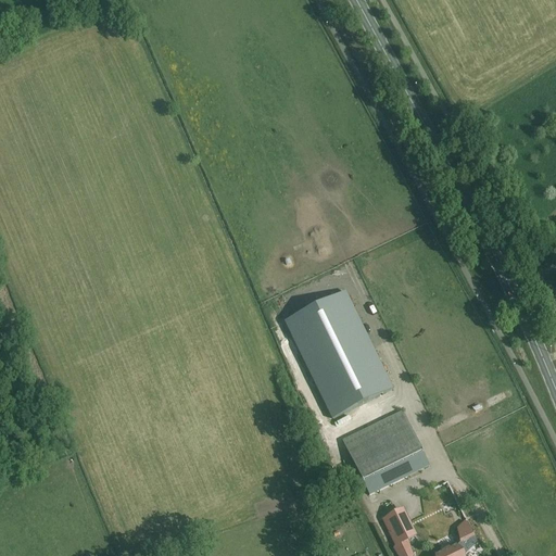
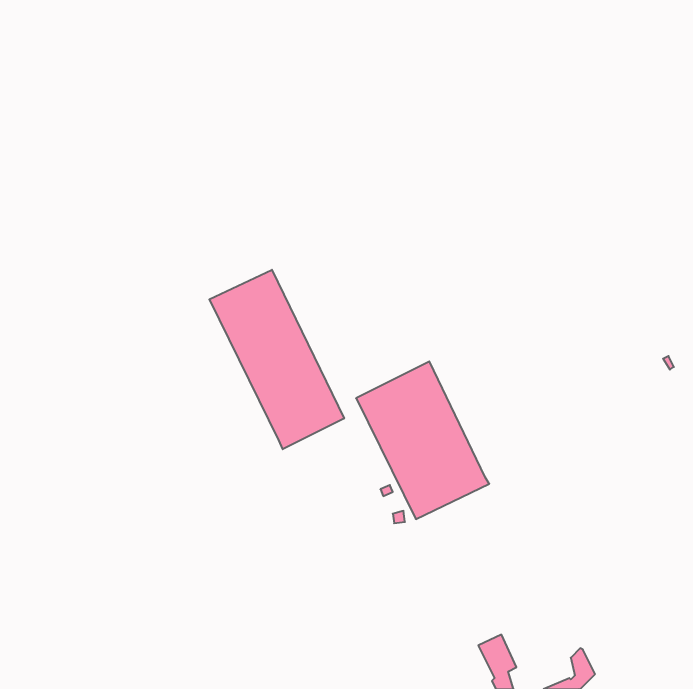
building: none -> [209,270,344,449]
building: [342,410,428,492] -> none

